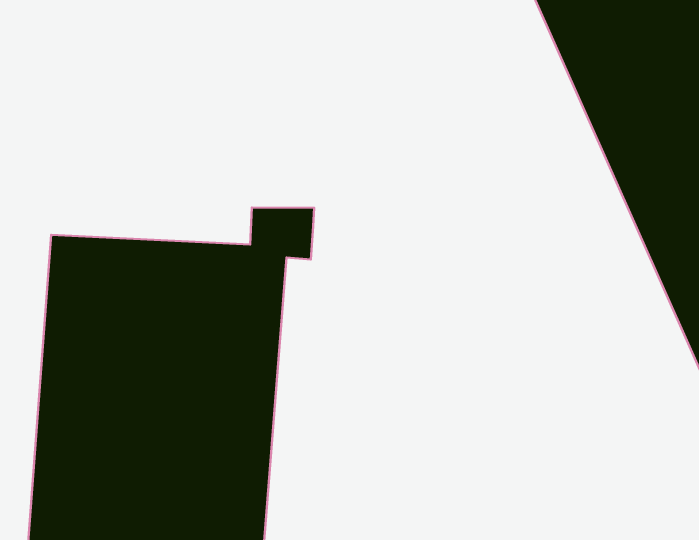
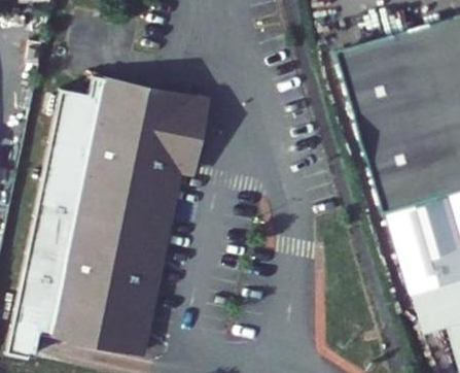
building: none -> [56,79,216,167]

